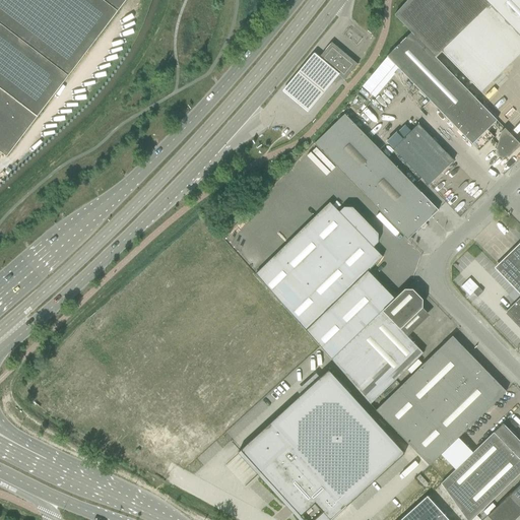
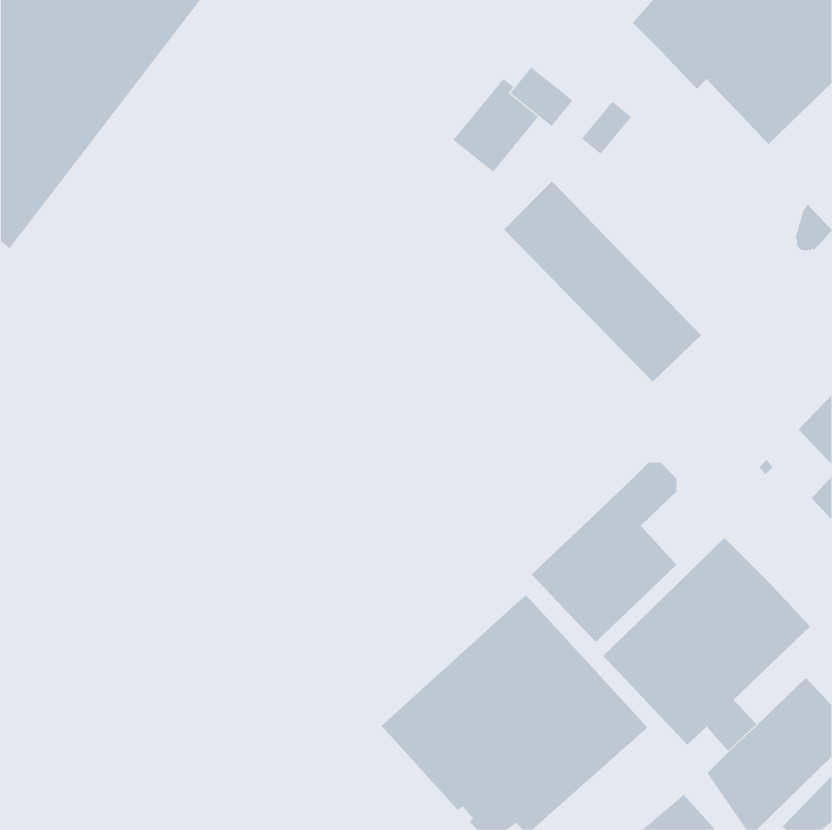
building: [386,31,497,143] -> none
building: [392,121,453,185] -> none
building: [255,201,393,359] -> none

